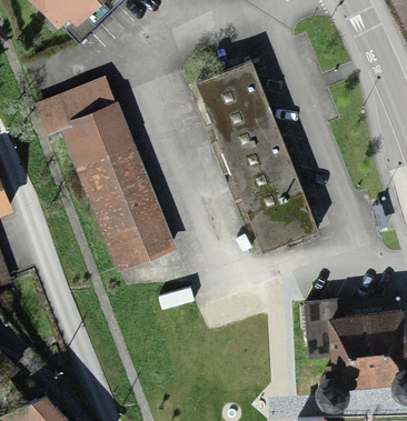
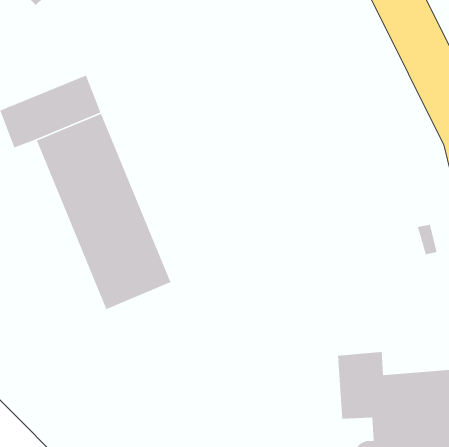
building: [198,68,318,255] -> none

